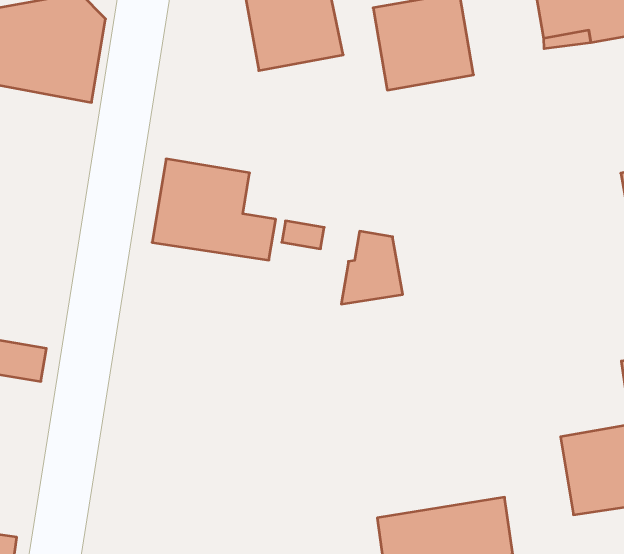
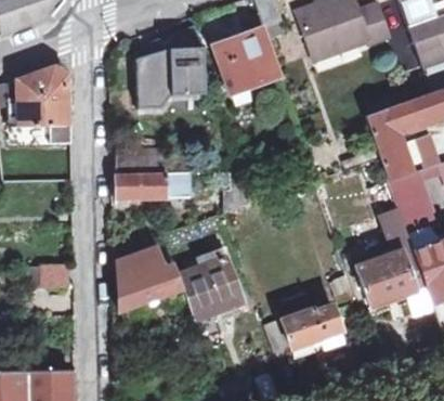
building: none -> [117,238,245,328]

